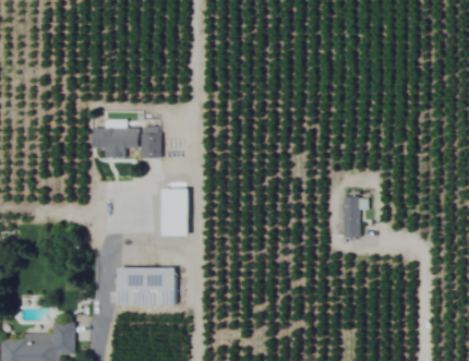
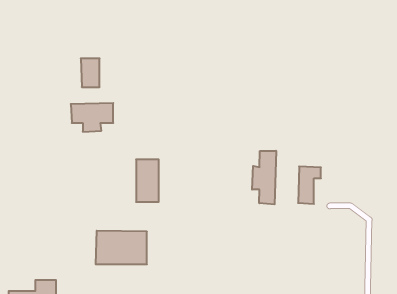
building: [140,127,160,158] -> [81,58,100,87]
building: none -> [252,151,276,204]

